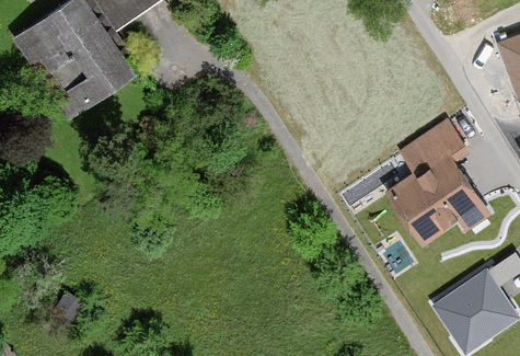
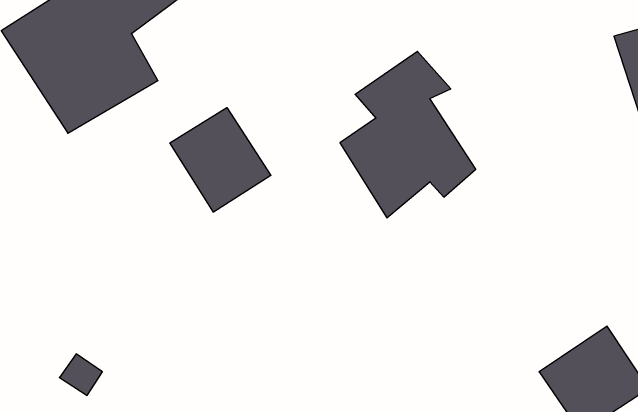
building: none -> [170,108,271,212]
building: [383,119,490,251] -> [340,51,476,218]

